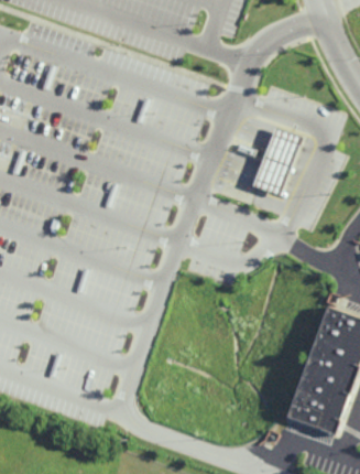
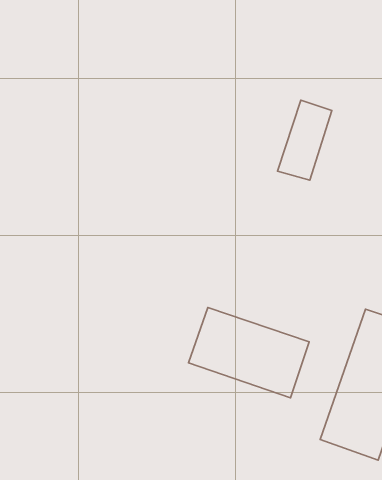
building: none -> [189,308,309,398]

